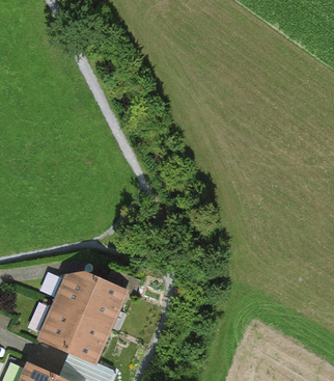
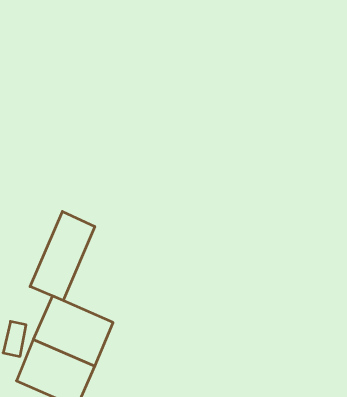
building: none -> [30,211,95,300]

